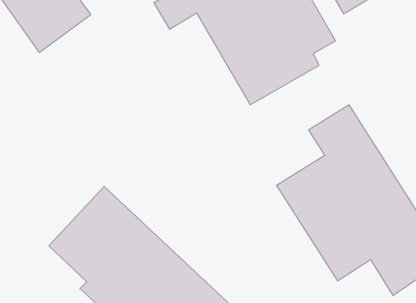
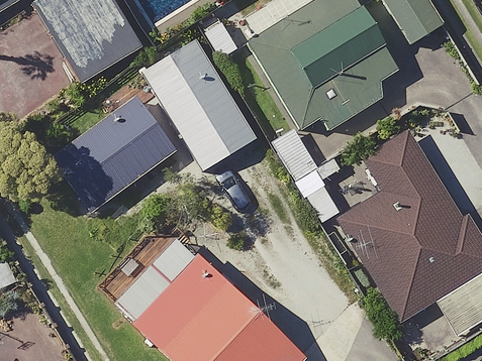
building: none -> [152,48,267,180]
building: none -> [58,99,176,211]

